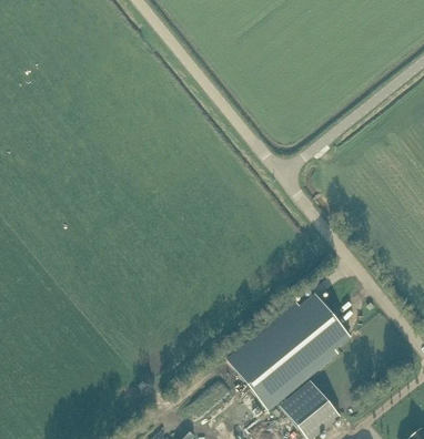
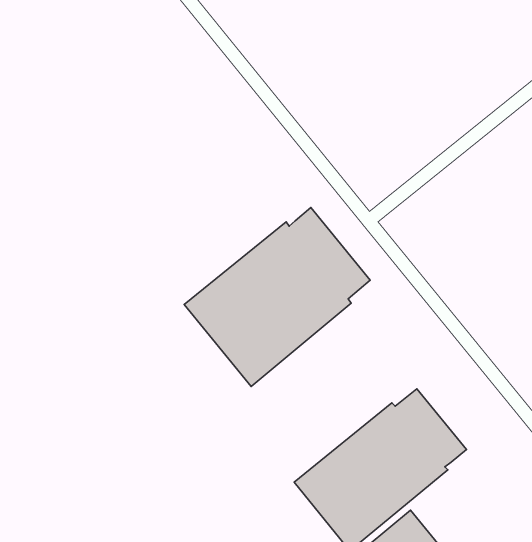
building: none -> [184,208,370,386]

